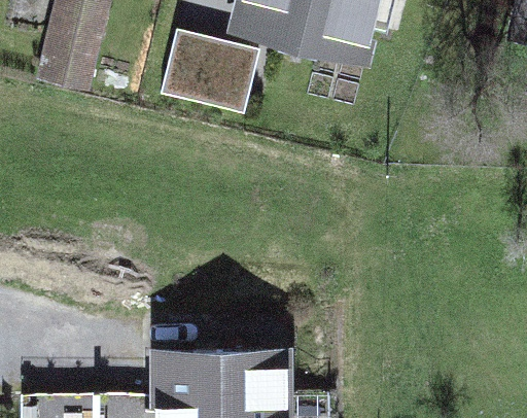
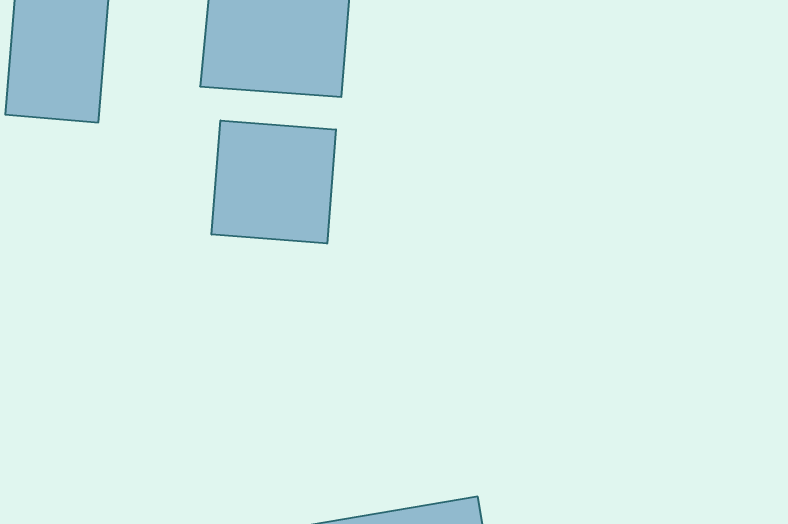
building: none -> [212,120,336,244]

